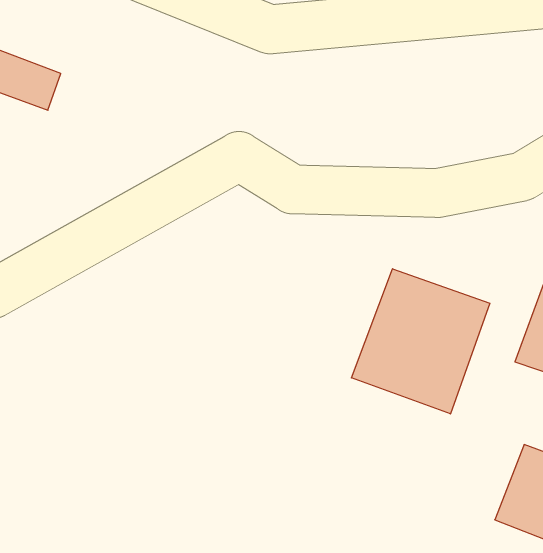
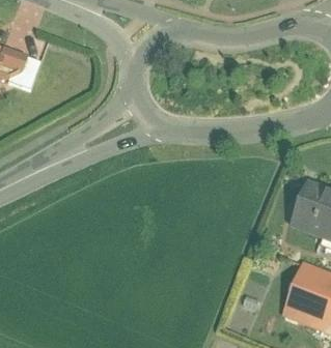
building: [351,269,490,414] -> none

